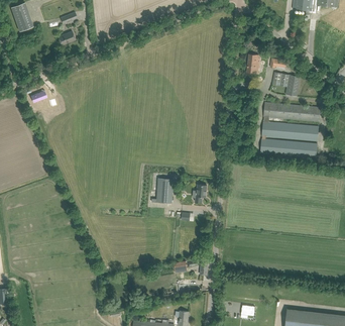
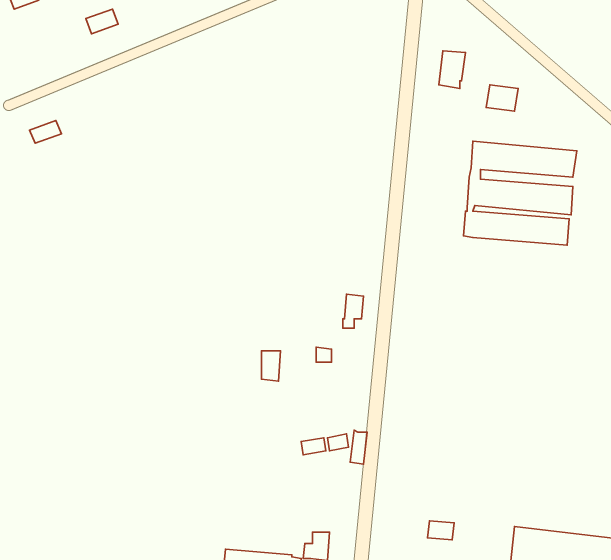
building: [151,178,173,203] -> none

